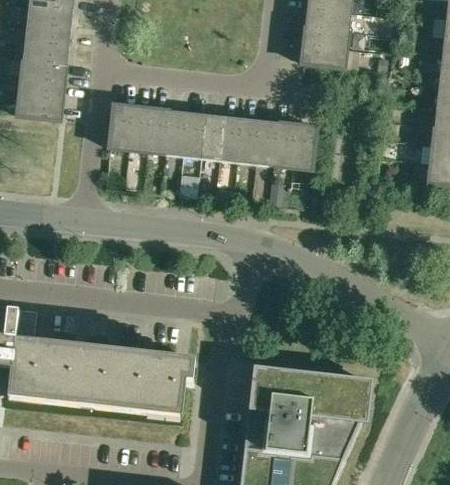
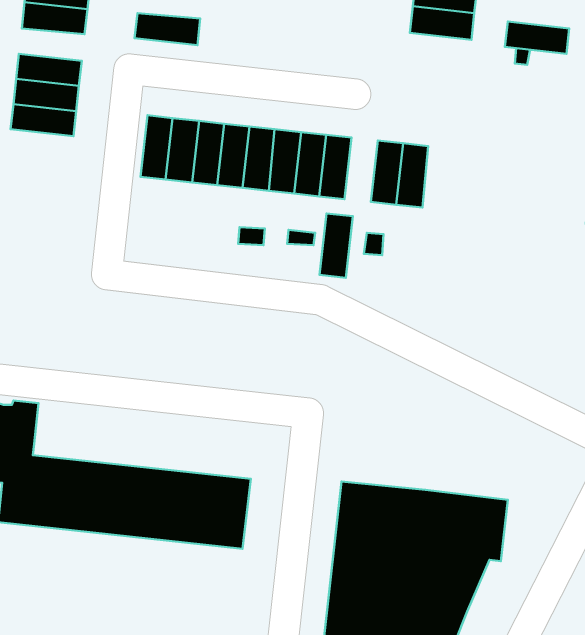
building: [22,41,69,64] -> [135,13,200,45]
building: [300,44,346,67] -> [505,22,569,54]
building: [255,119,279,165] -> [319,213,353,278]

